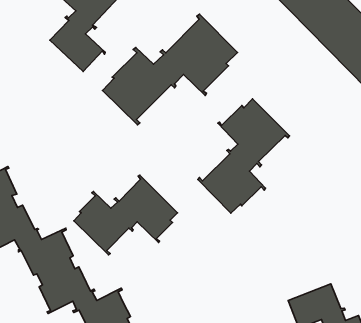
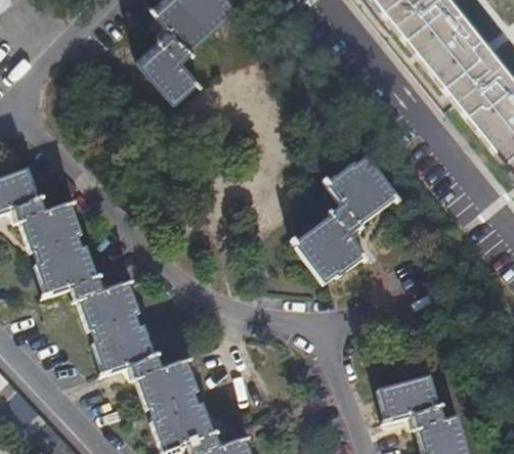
building: [102,14,238,125] -> none
building: [74,175,178,255] -> none

